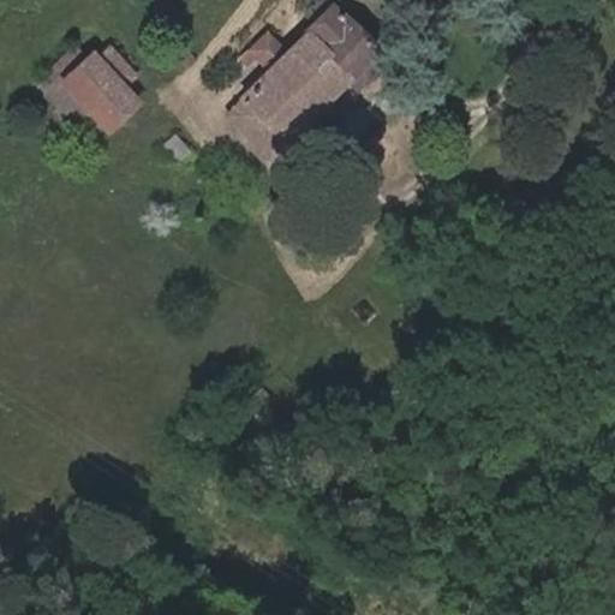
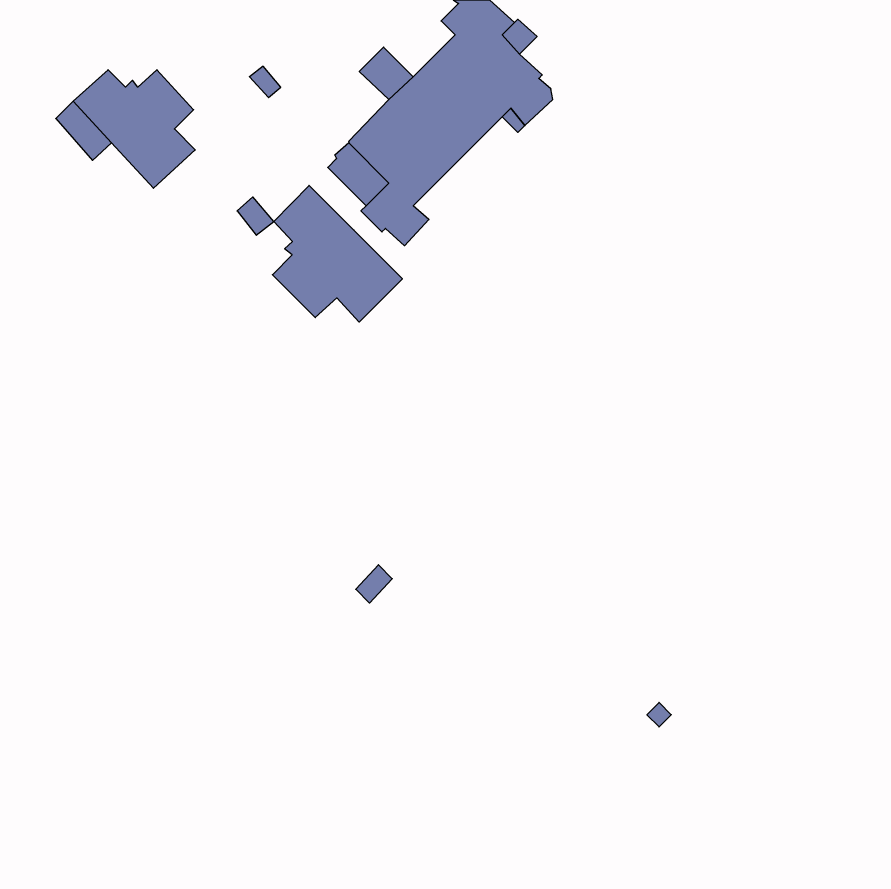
building: none -> [272,185,402,322]

